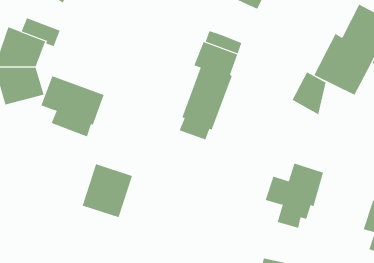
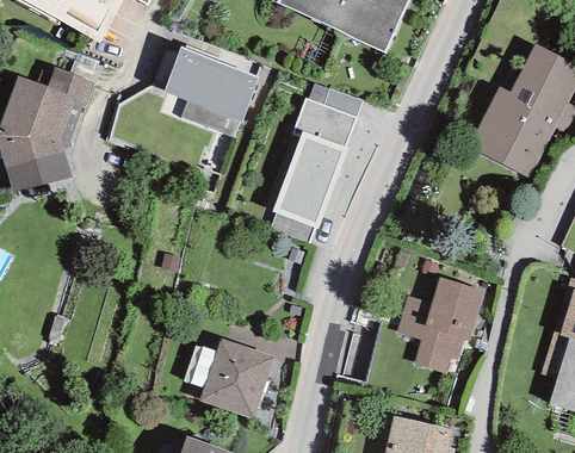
building: [292,72,326,115] -> none
building: [40,75,104,137] -> [165,46,259,137]
building: [82,164,133,218] -> [199,339,274,418]

